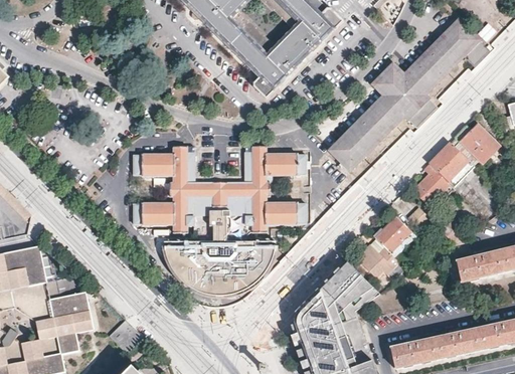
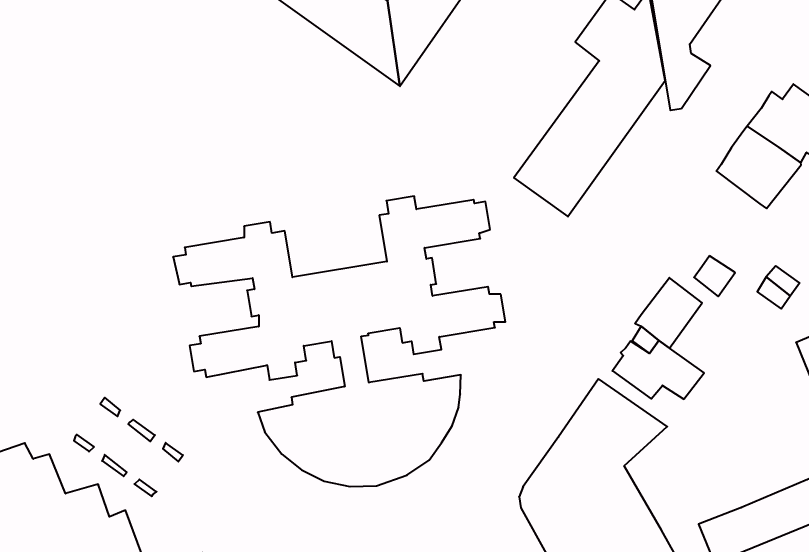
building: [413,162,451,204] -> none

